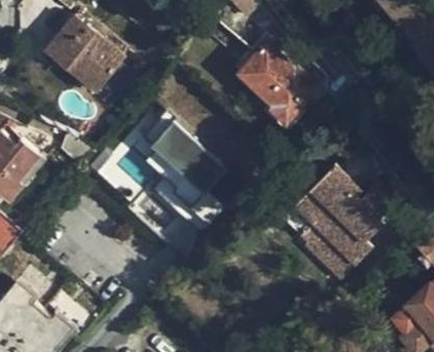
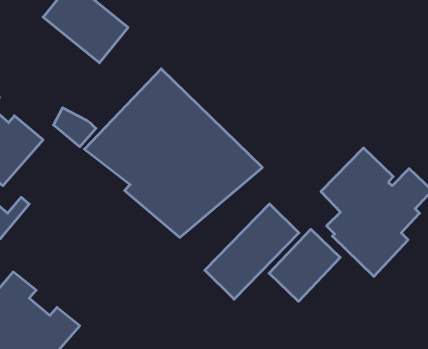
building: [240,46,318,123] -> none
building: none -> [205,204,299,299]
building: none -> [269,229,340,301]

